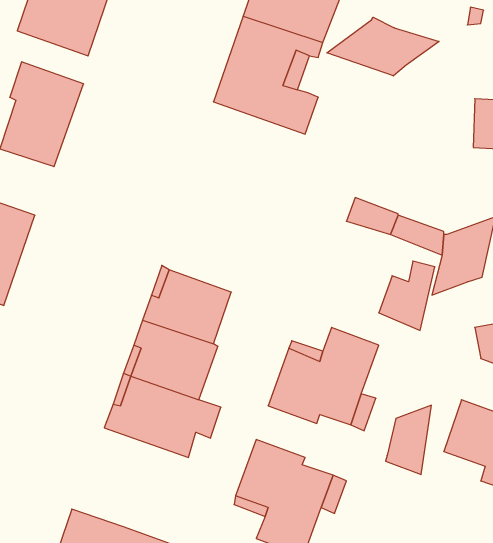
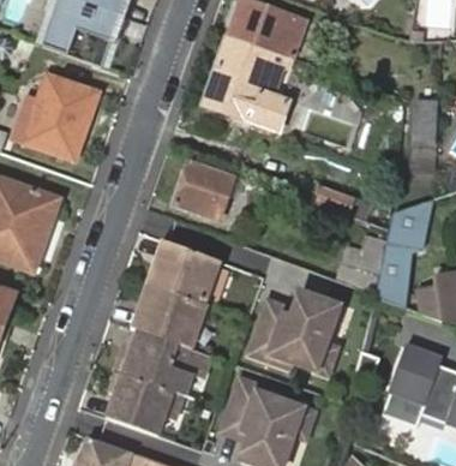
building: [327,17,439,76] -> none
building: none -> [175,160,235,219]
building: [386,405,431,475] -> [373,252,410,309]
building: none -> [106,371,184,436]

